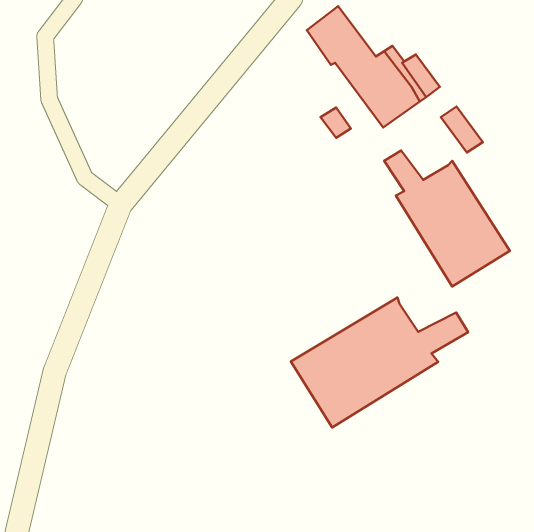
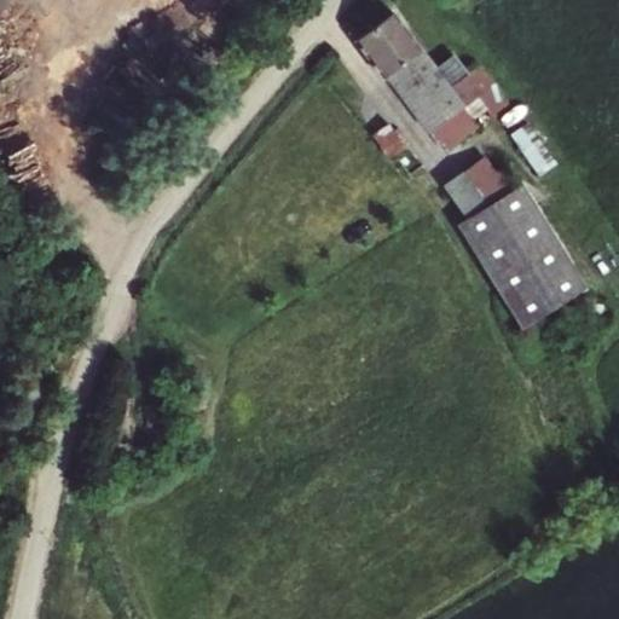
building: none -> [463,157,517,208]
building: [291,297,468,428] -> none

